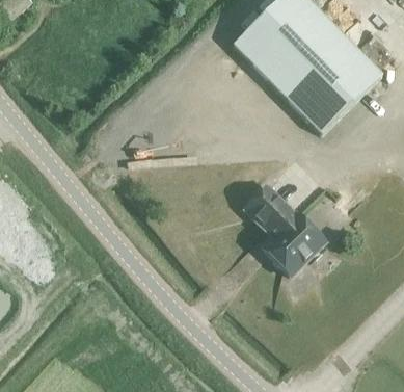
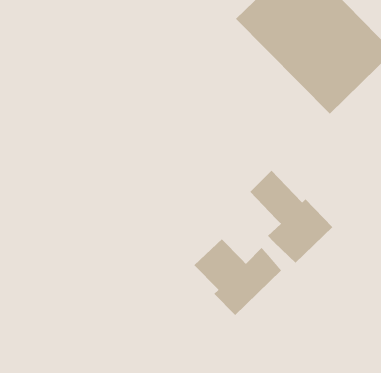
building: none -> [194,238,282,316]

